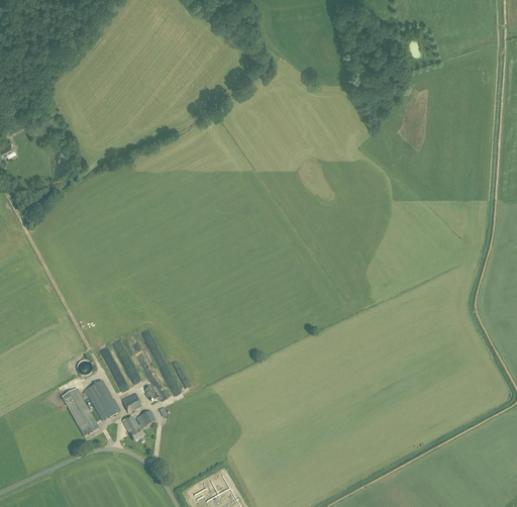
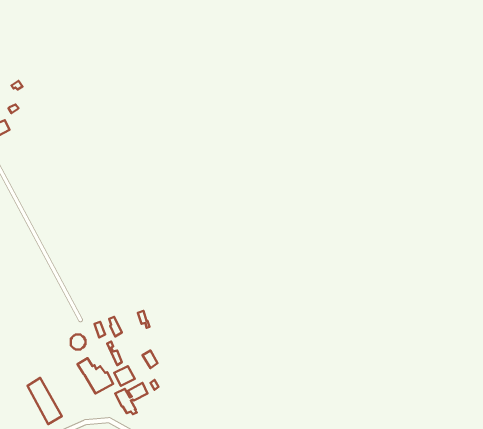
building: [62,387,97,434] -> [27,378,62,424]

